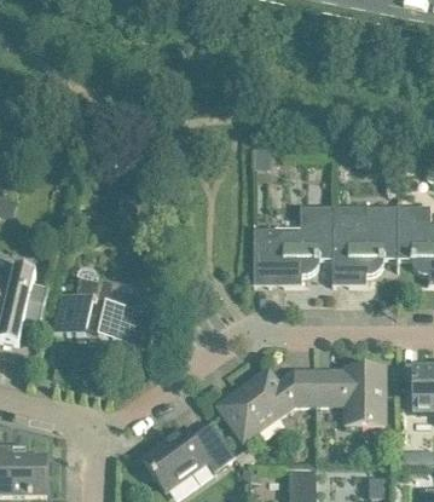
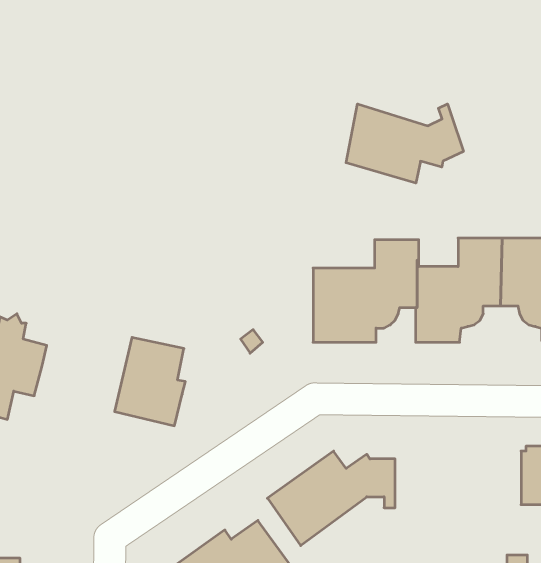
building: none -> [346,104,463,183]
building: [53,273,114,340] -> none
building: [316,365,384,425] -> none

